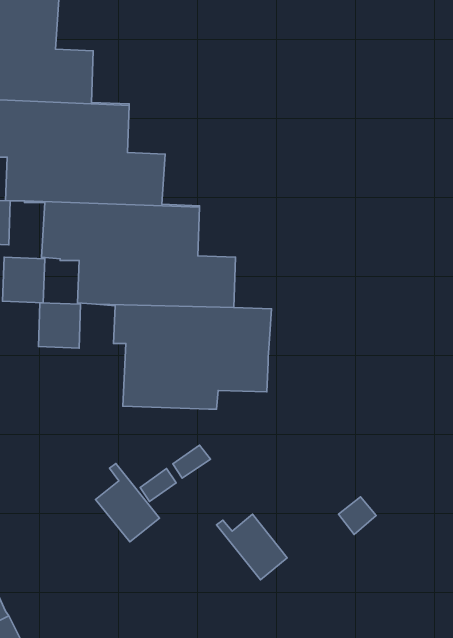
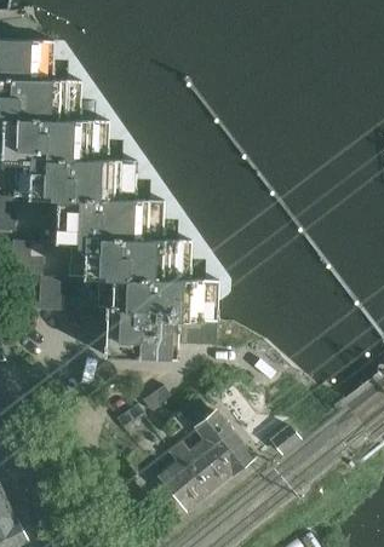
building: [95,463,159,542] -> [160,448,210,508]
building: none -> [195,413,251,473]

